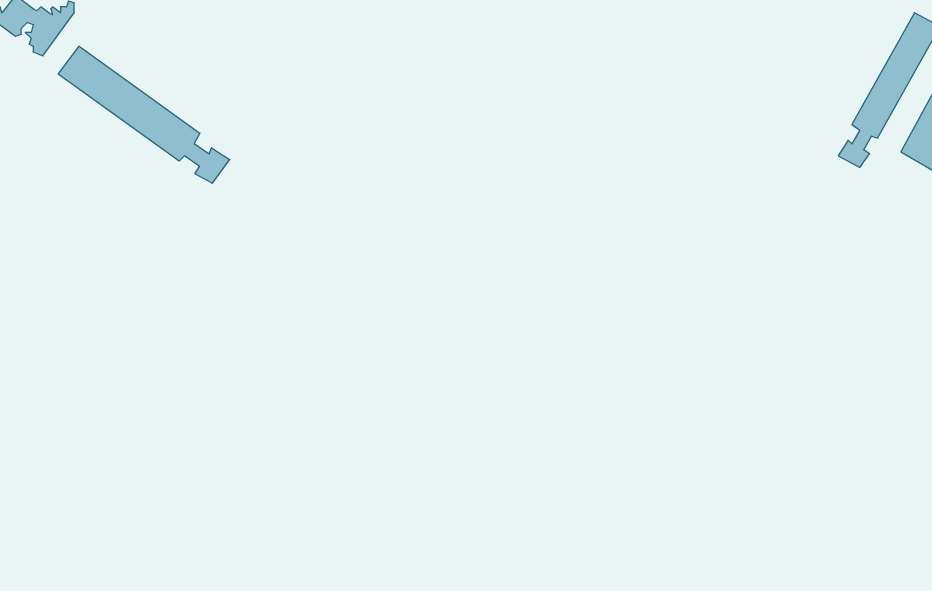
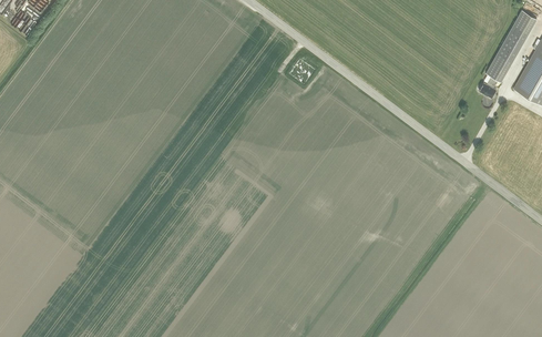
building: [58,46,230,183] -> none

